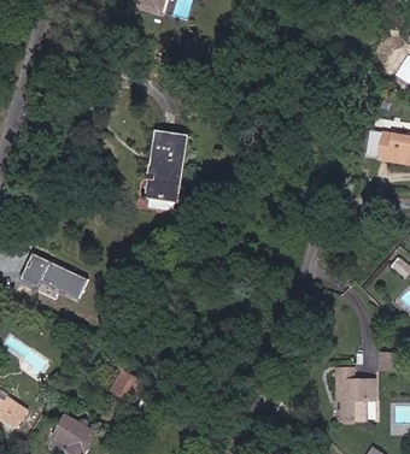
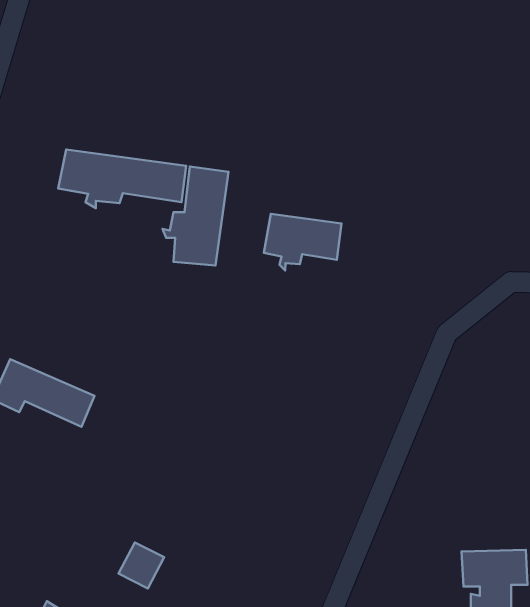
building: none -> [58,150,186,208]
building: none -> [264,214,342,270]

